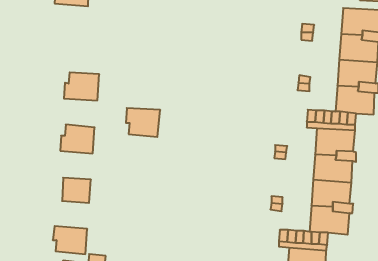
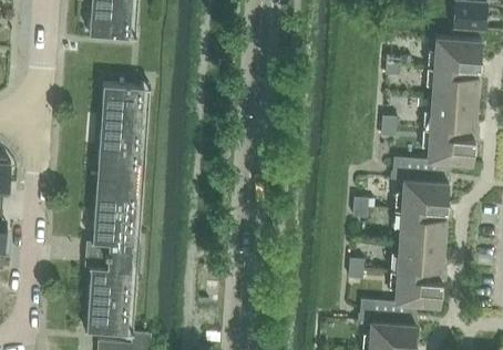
building: none -> [105,82,146,116]
building: [126,108,160,137] -> [101,145,142,179]
building: none -> [95,207,136,241]
building: none -> [91,267,132,300]

